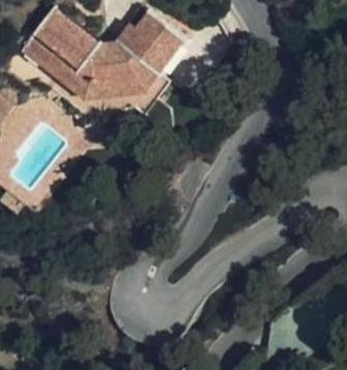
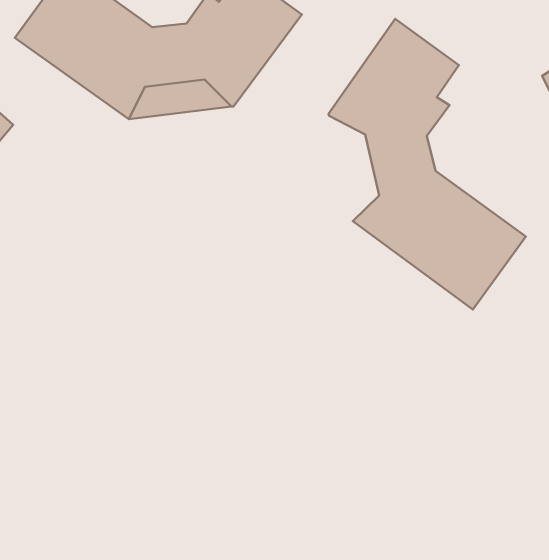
building: none -> [328,19,526,310]

